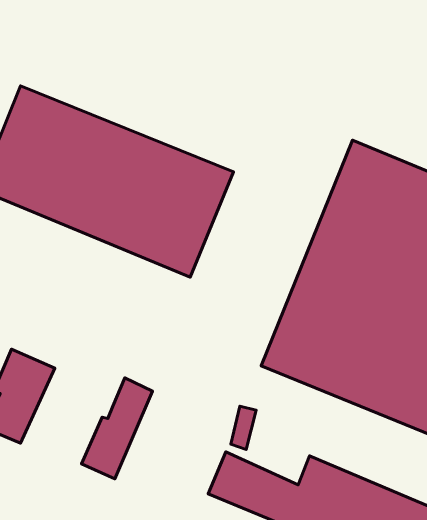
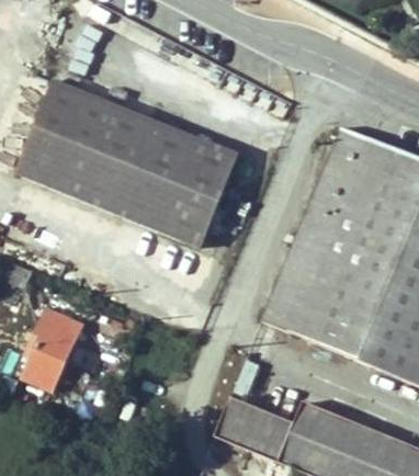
building: [81,378,153,479] -> none

